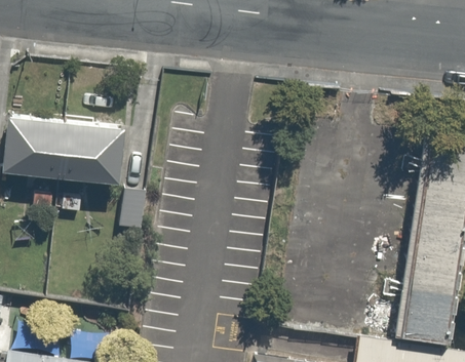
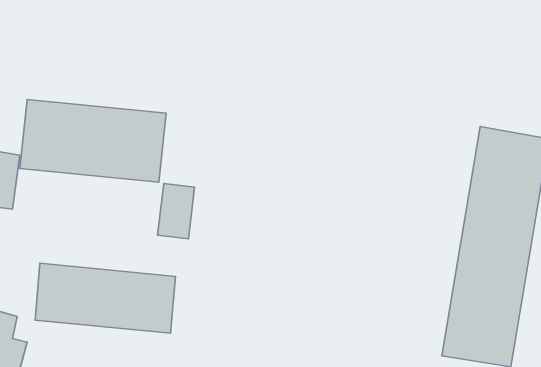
building: none -> [35,263,175,333]

